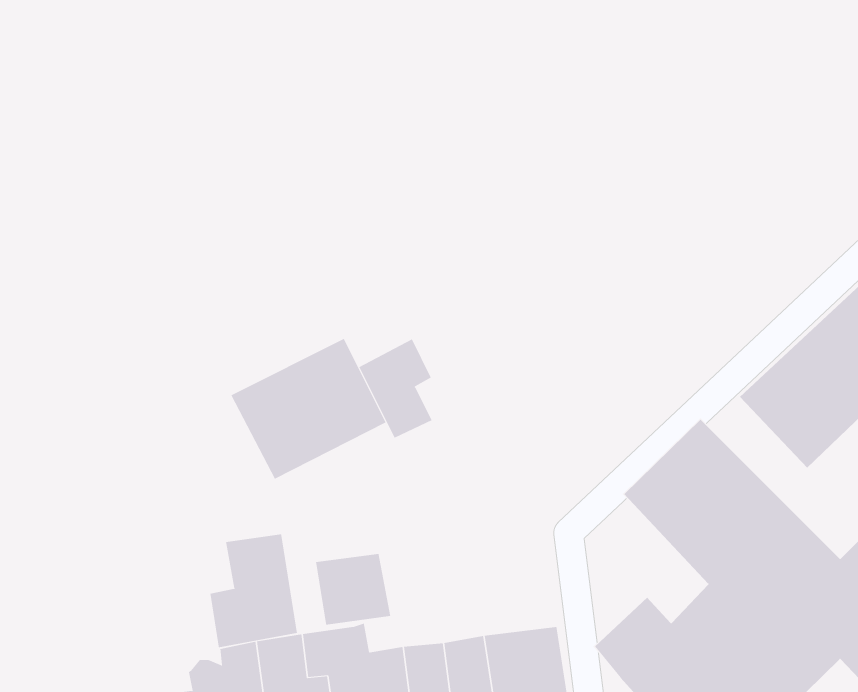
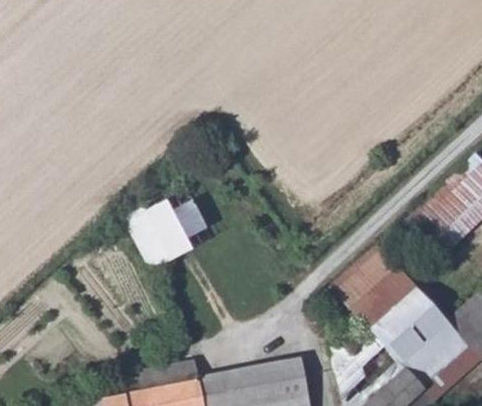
building: [359,339,433,438] -> none
building: [210,533,298,648] -> none
building: [315,553,391,625] -> none

